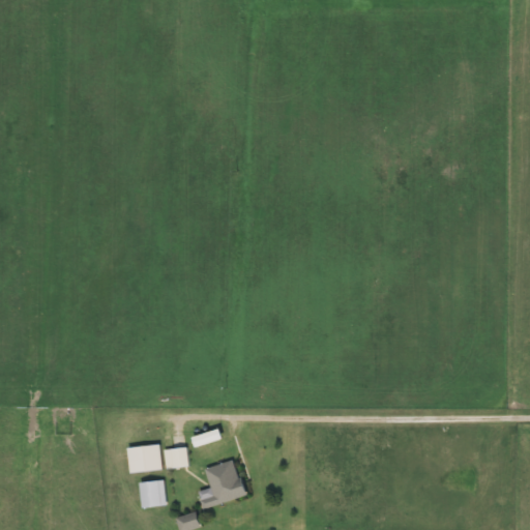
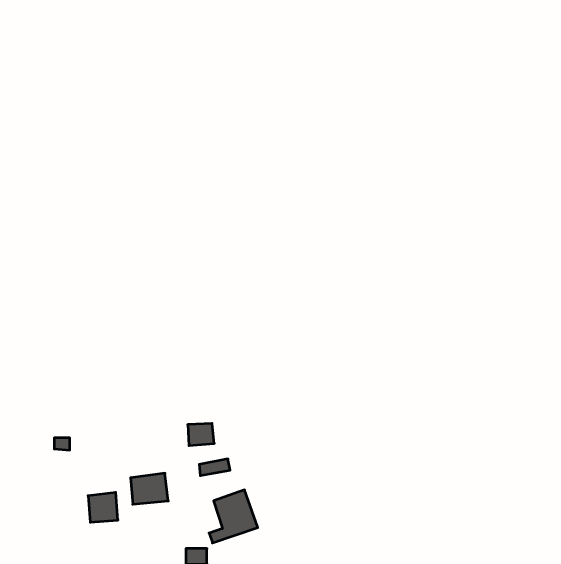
building: [164,447,188,468] -> [188,423,214,446]
building: [138,478,166,506] -> [88,492,118,522]

